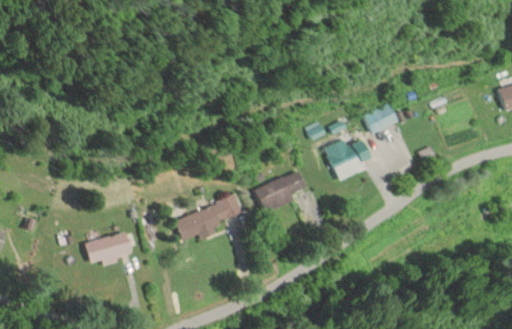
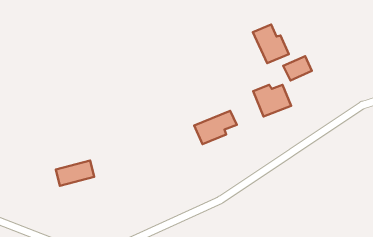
building: none -> [253,25,289,63]
building: [174,196,241,243] -> none

